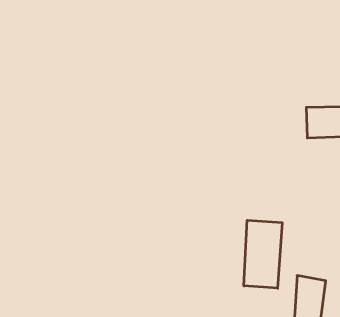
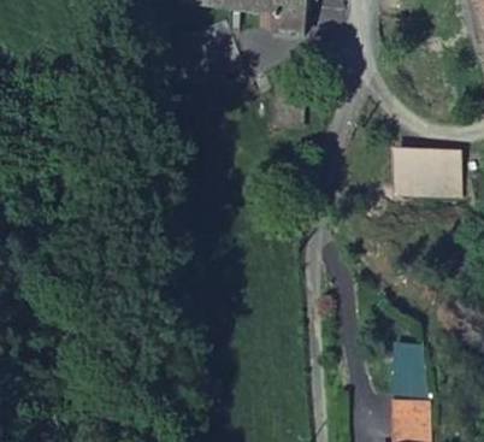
building: [244,220,282,288] -> none

